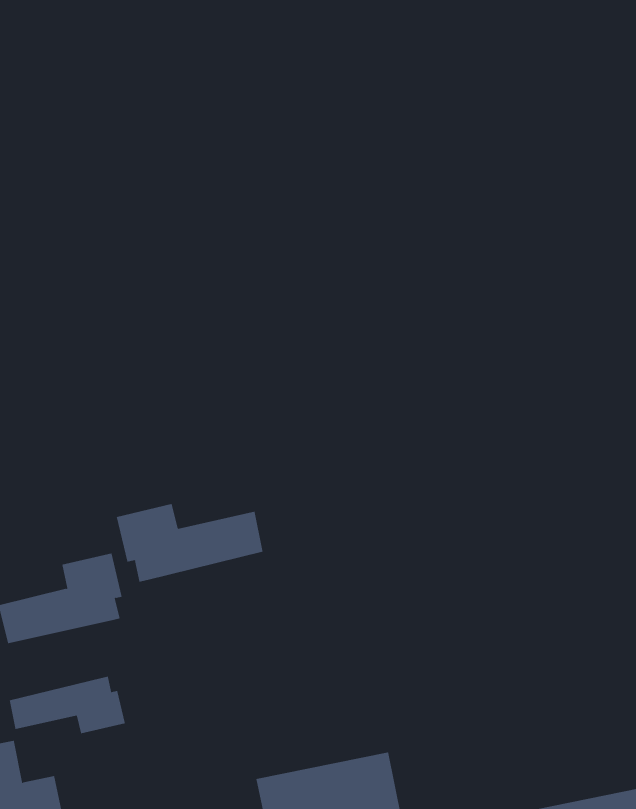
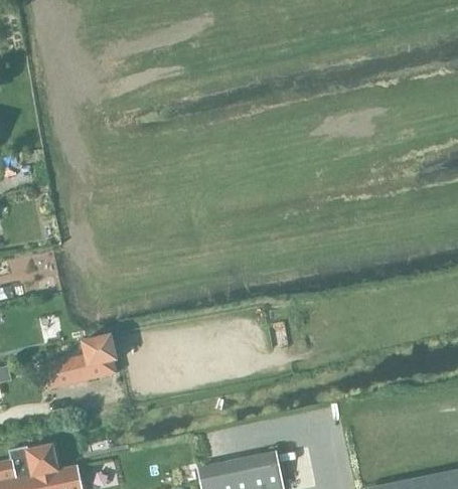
building: [116,503,263,582] -> none
building: [9,676,126,734] -> none

